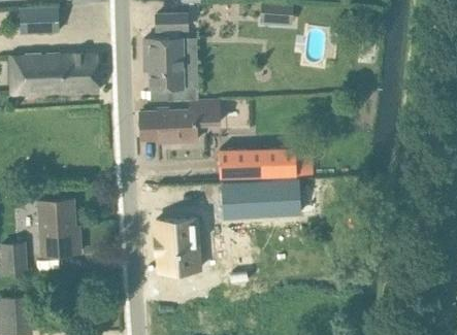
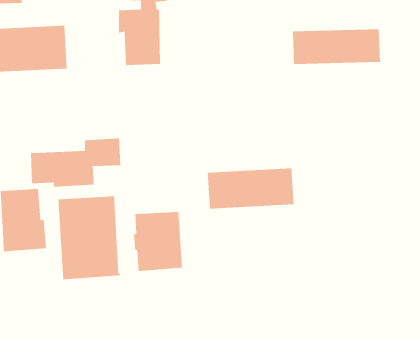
building: [139,99,221,143] -> [30,138,121,187]
building: [218,146,297,178] -> [292,29,381,64]
building: none -> [58,196,121,280]

